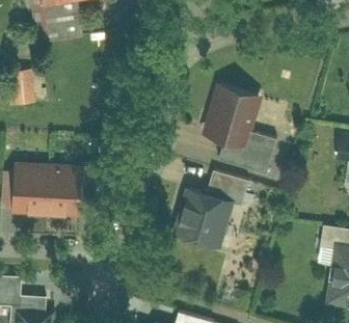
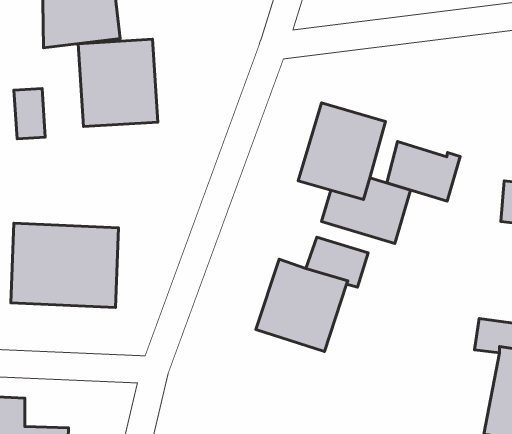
building: none -> [78,39,158,127]
building: none -> [387,142,460,201]

